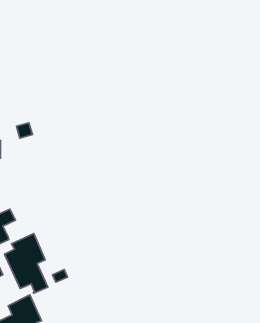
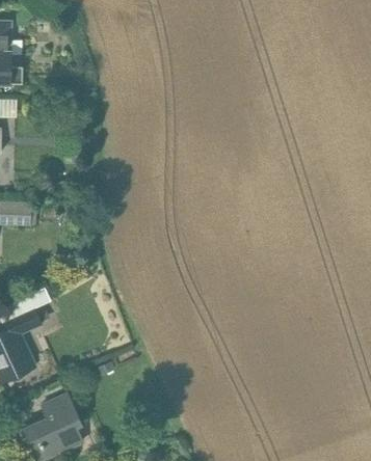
building: [4,233,48,293] -> none

